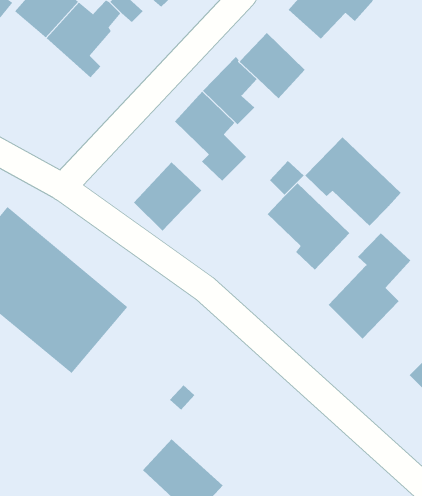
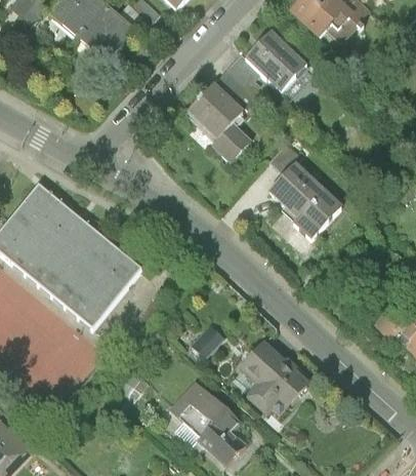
building: [304,137,401,227] -> none
building: [133,161,202,231] -> none
building: [328,233,411,340] -> none
building: none -> [235,349,297,417]

